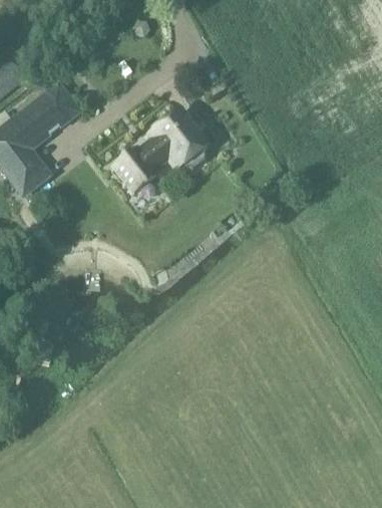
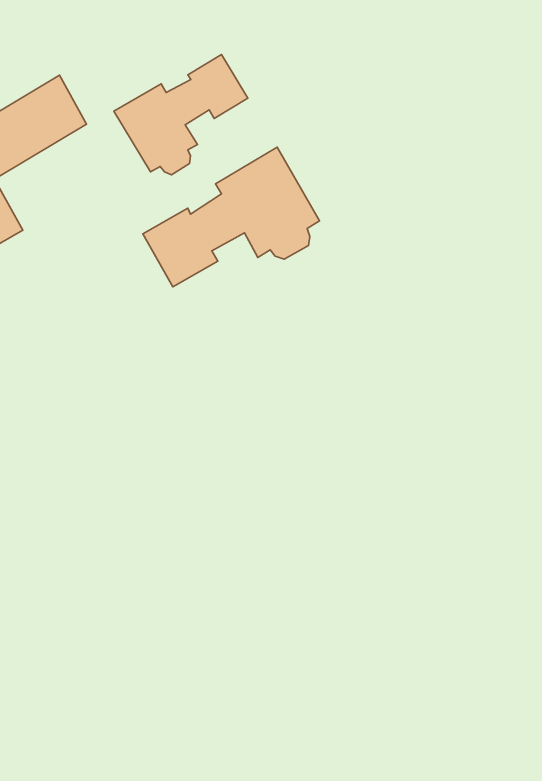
building: none -> [114,54,248,175]

